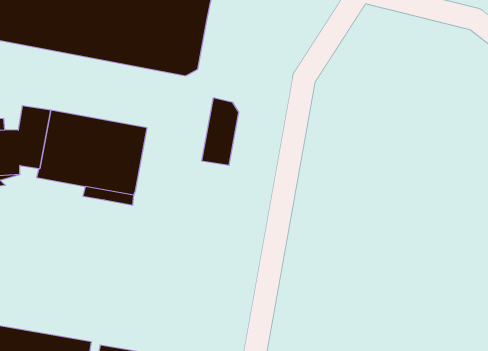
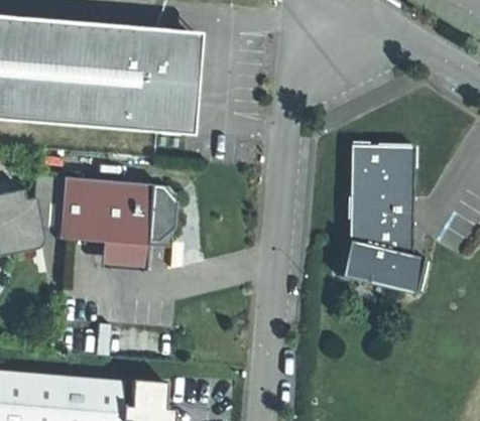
building: [202,98,239,165] -> [147,184,175,243]
building: none -> [340,144,425,294]

